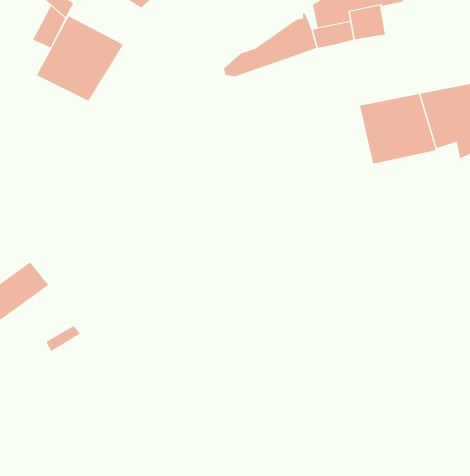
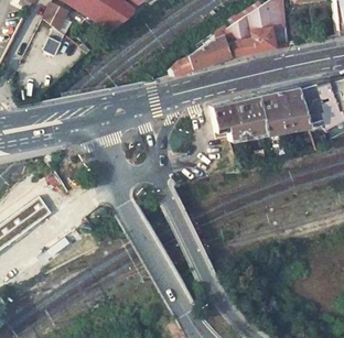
building: [36,15,123,102] -> none
building: none -> [209,94,266,140]

